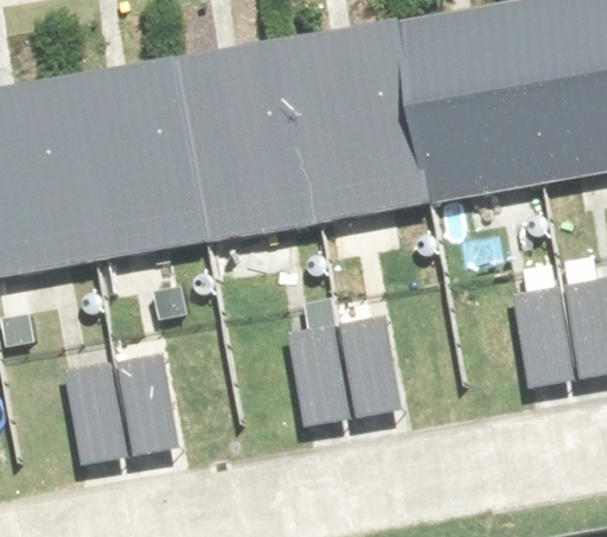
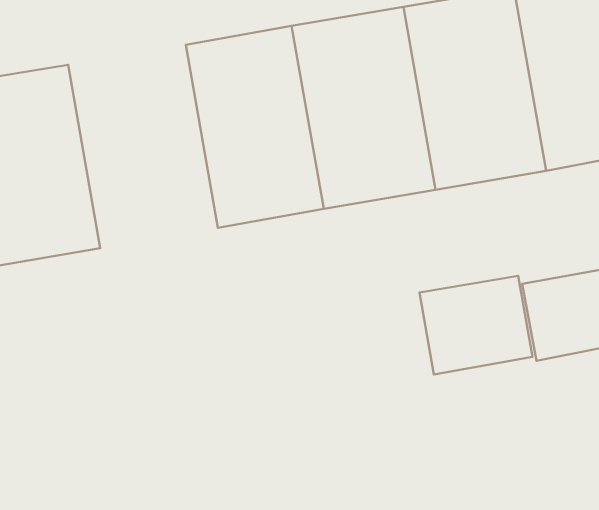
building: [70,58,219,261] -> none
building: [288,317,401,415] -> [420,276,533,375]
building: [69,356,183,454] -> none

